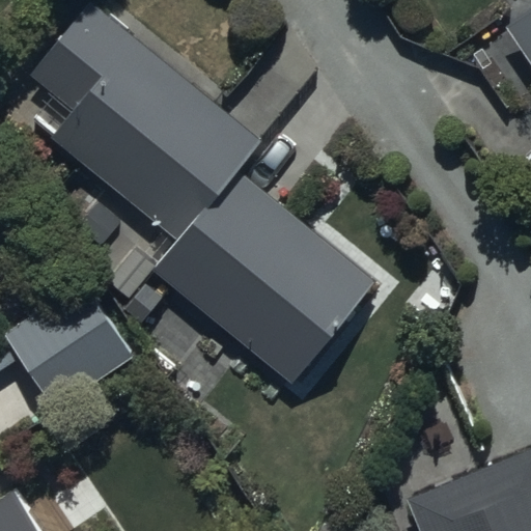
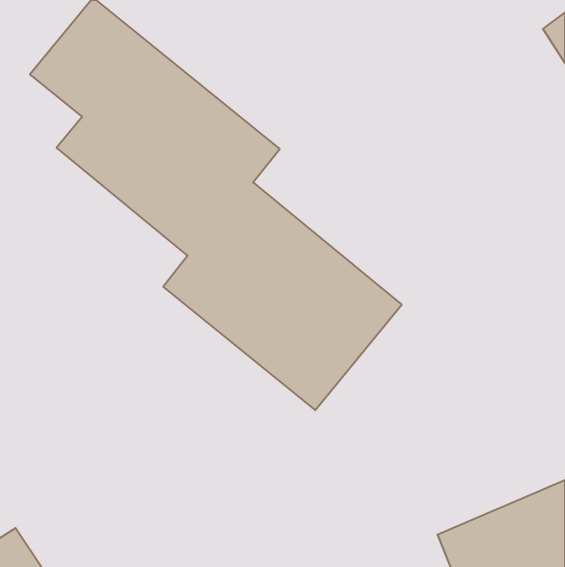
building: [4,281,134,410] -> none

